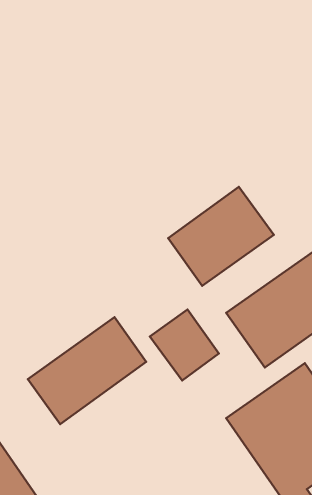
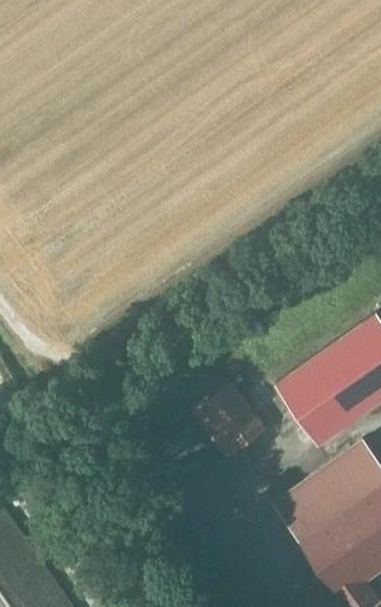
building: [168,187,274,286] -> none
building: [28,317,146,424] -> none

